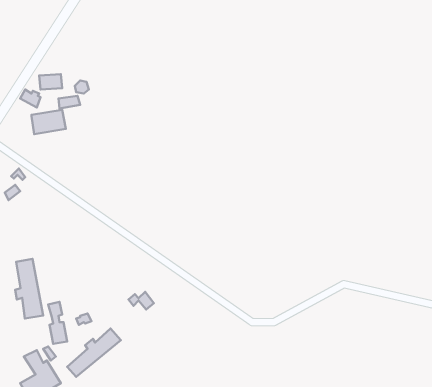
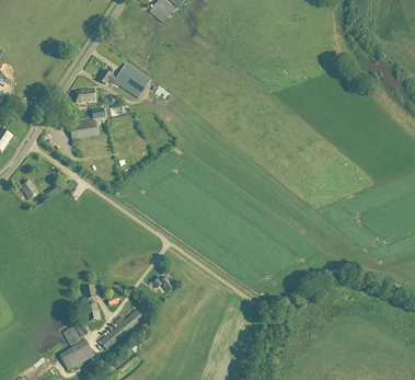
building: none -> [99,64,150,97]
building: [15,259,43,318] -> none

